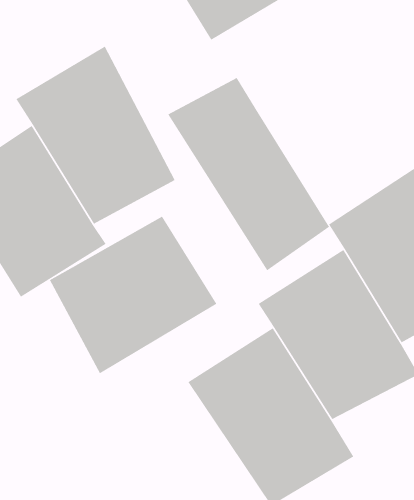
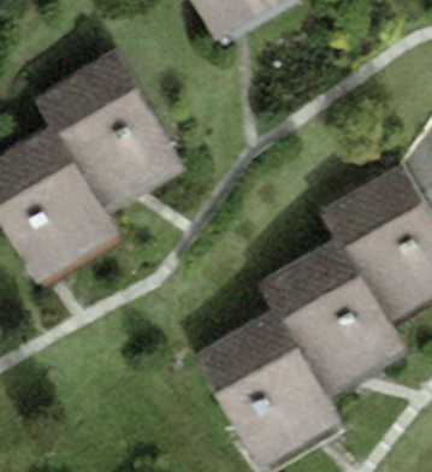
building: [167,77,330,271] -> none
building: [49,216,217,374] -> none

